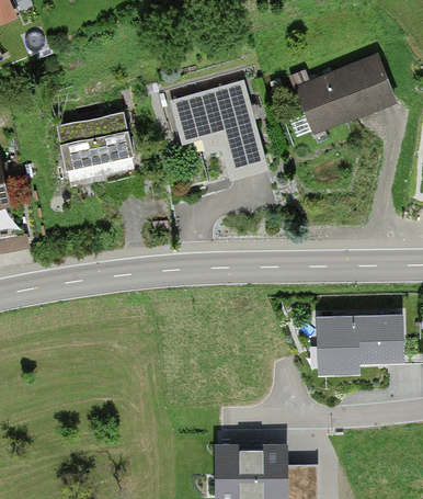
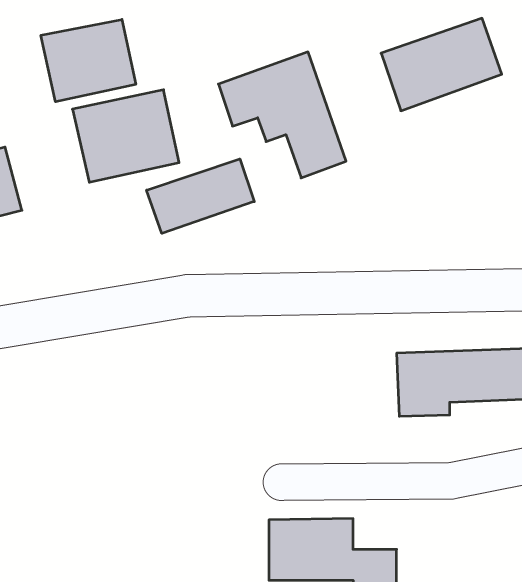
building: none -> [41,19,136,102]
building: none -> [147,159,254,233]

